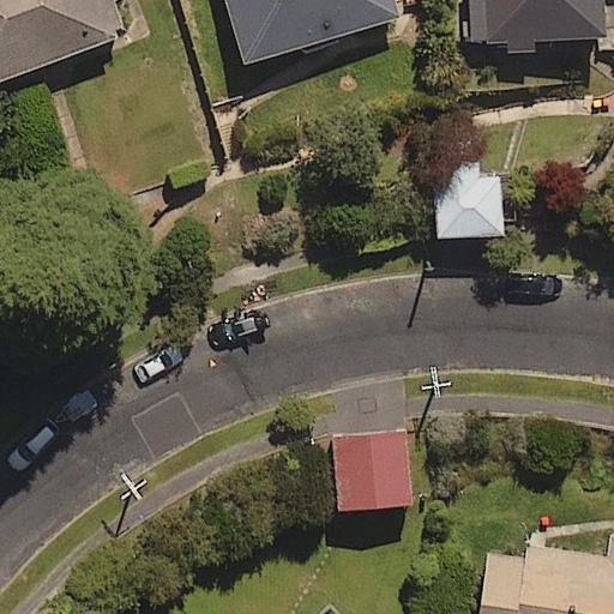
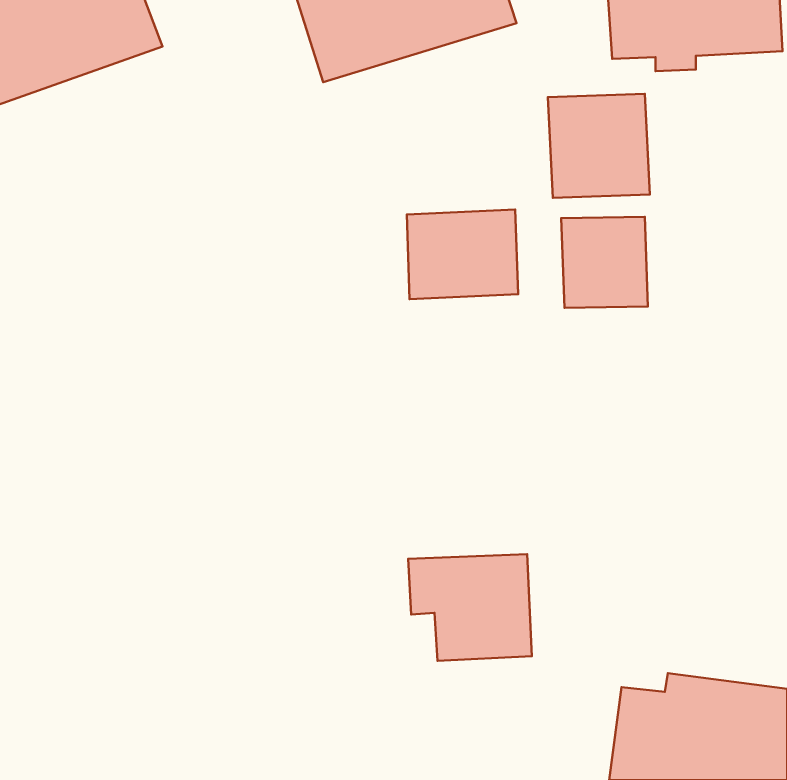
building: none -> [548,94,650,198]
building: none -> [407,210,518,299]

